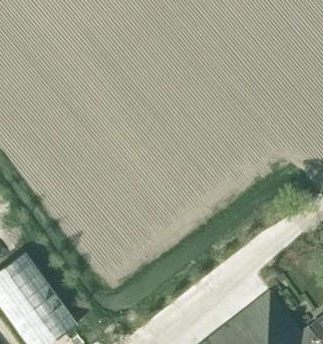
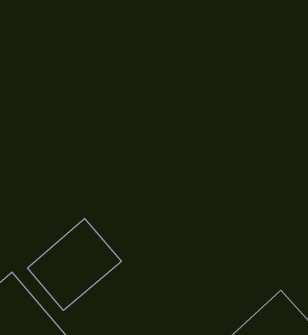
building: none -> [28,218,121,310]

